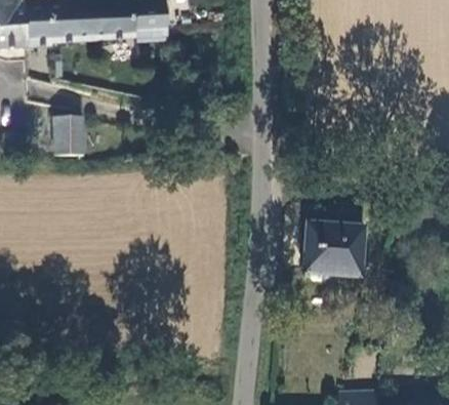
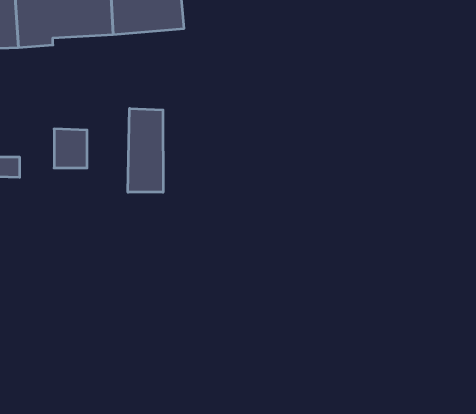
building: none -> [128,108,163,192]
building: [305,221,363,276] -> none

